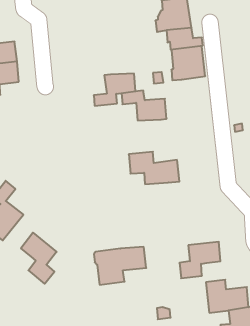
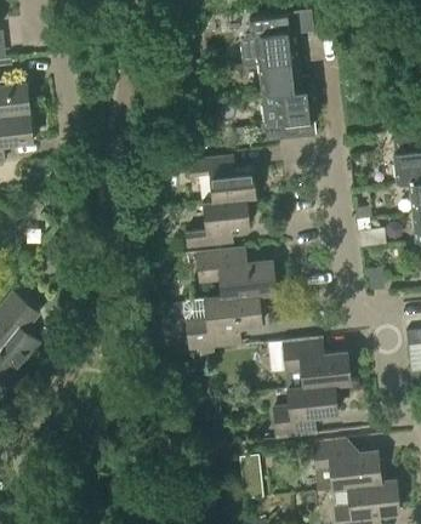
building: [94,74,136,106] -> [186,200,249,249]
building: none -> [281,338,349,389]
building: [21,233,57,284] -> none
building: [94,247,146,285] -> [182,295,261,352]

